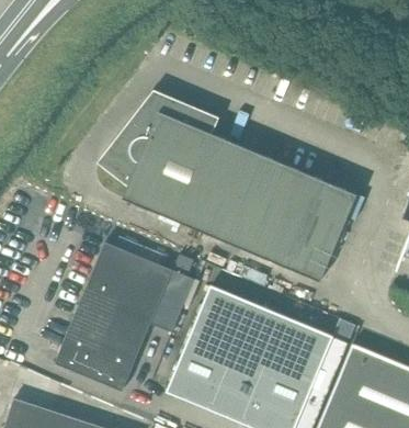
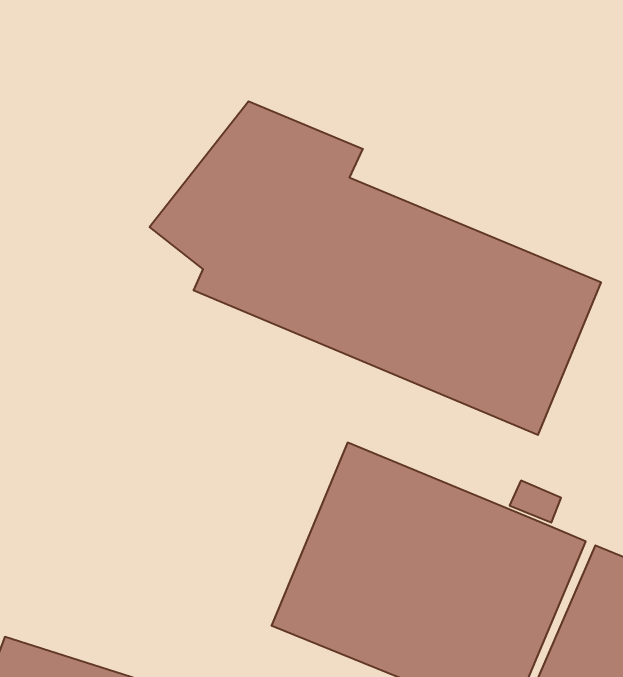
building: [55,243,194,392] -> none

